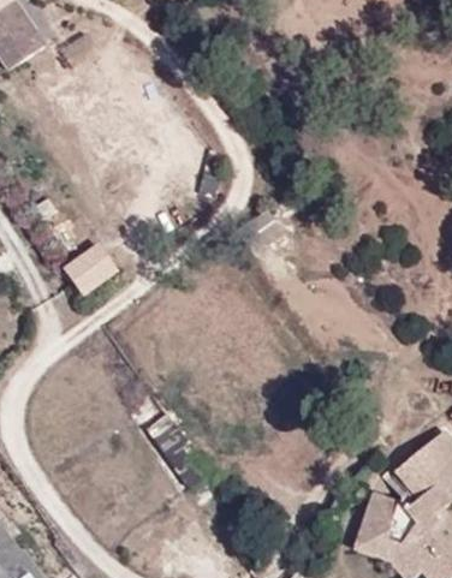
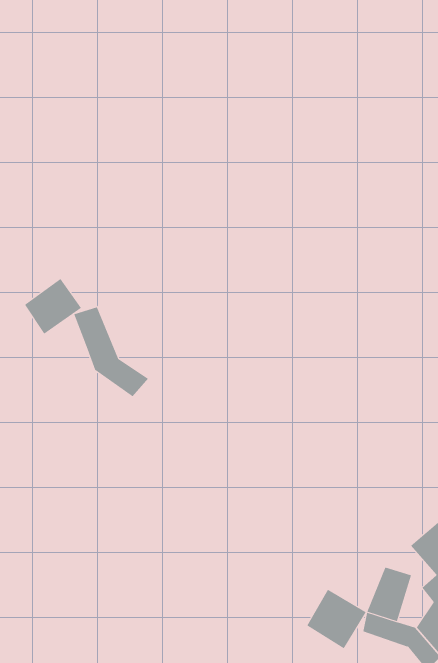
building: none -> [73,306,149,397]
building: none -> [307,589,367,649]

